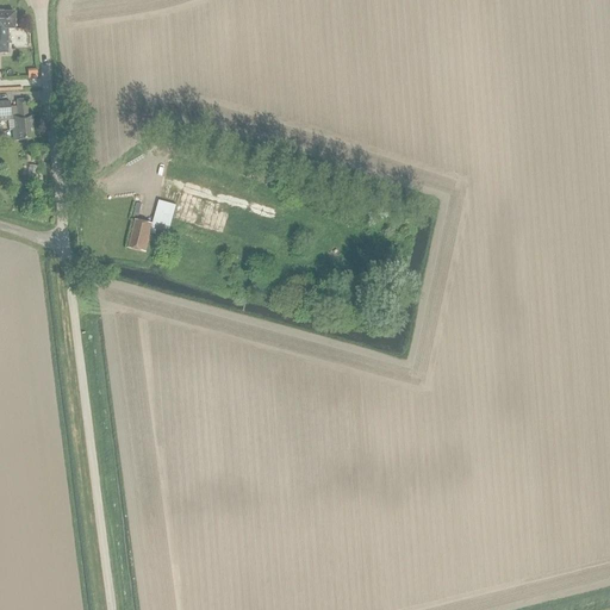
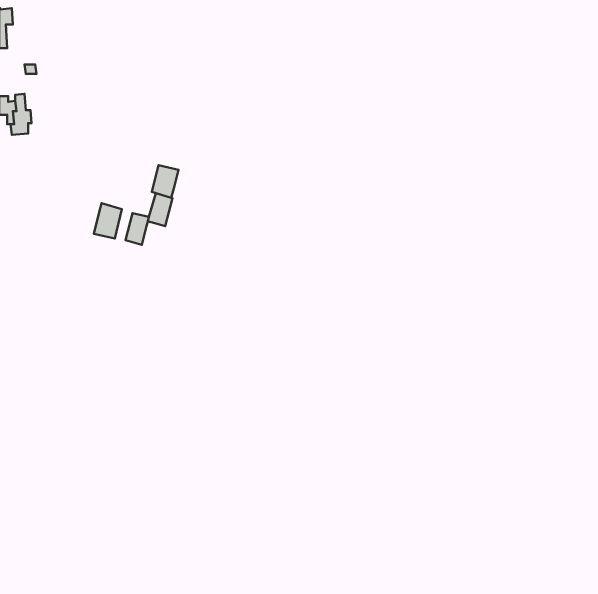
building: none -> [152,165,179,198]
building: none -> [94,203,122,238]

